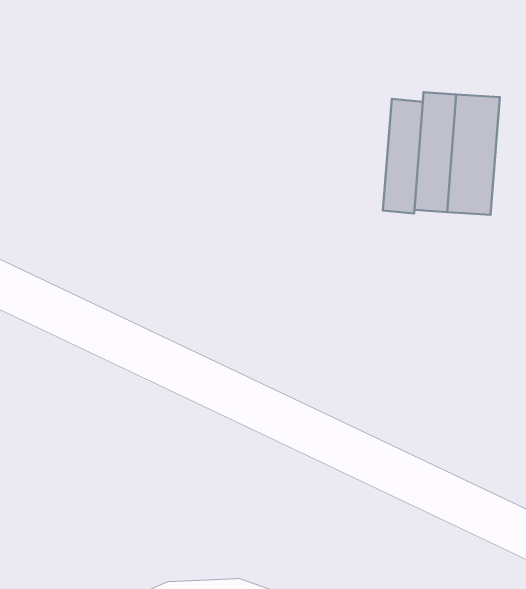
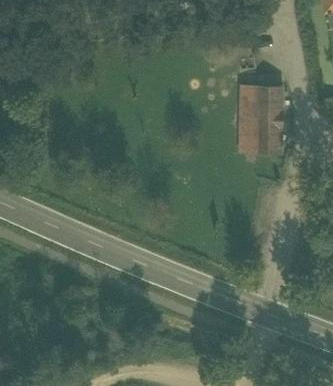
building: [383,99,423,214] -> none

